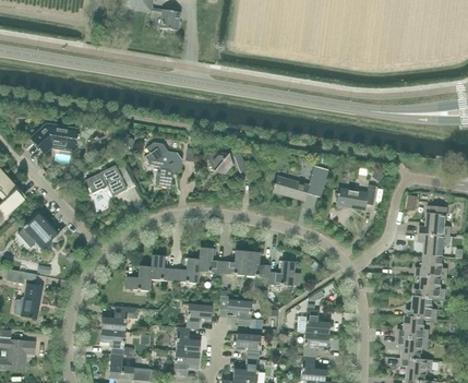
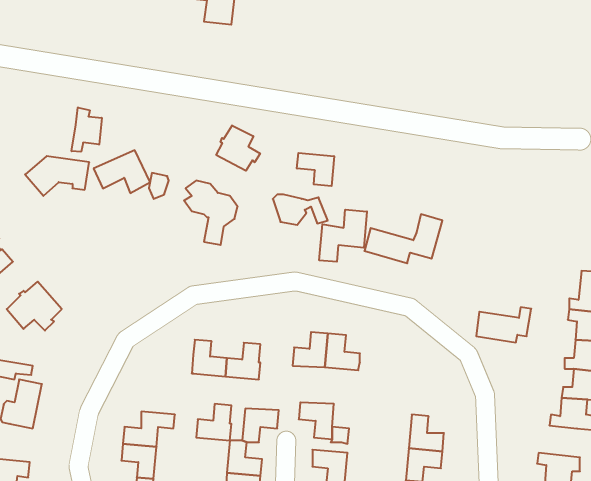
building: none -> [72,107,102,152]
building: none -> [216,125,260,171]
building: none -> [297,153,334,186]
building: none -> [319,210,367,262]
building: [85,166,125,196] -> [94,150,150,193]
building: [336,184,375,210] -> [476,307,531,342]
building: [197,248,223,274] -> none
building: [267,261,293,286] -> none
building: [125,265,151,291] -> [196,404,231,441]
building: [397,316,428,339] -> none

